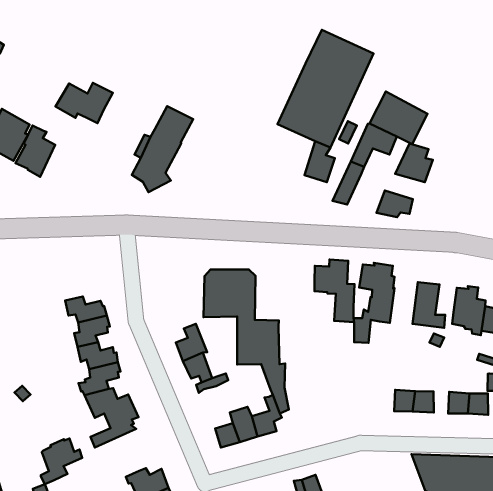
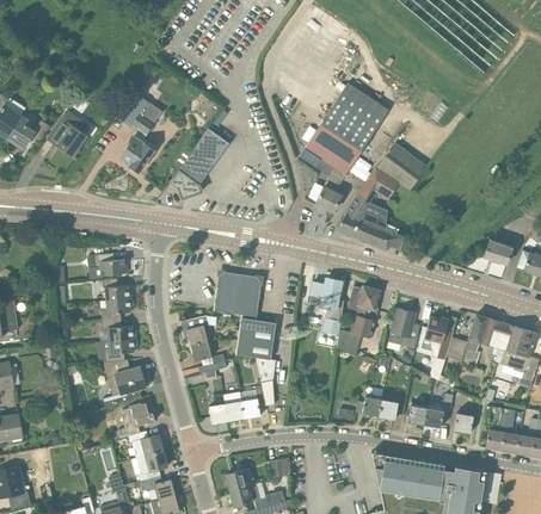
building: [15,125,55,177] -> [119,129,155,173]
building: [395,143,433,182] -> [348,210,381,244]
building: none -> [94,254,128,275]
building: [41,438,82,484] -> [117,403,154,439]

